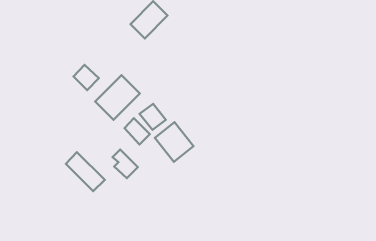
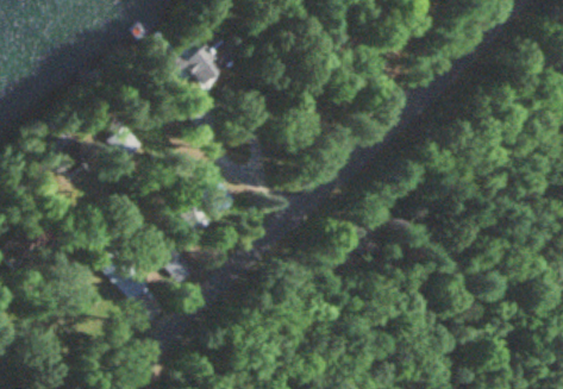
building: [95,75,140,120] -> none
building: [155,122,193,162] -> none

